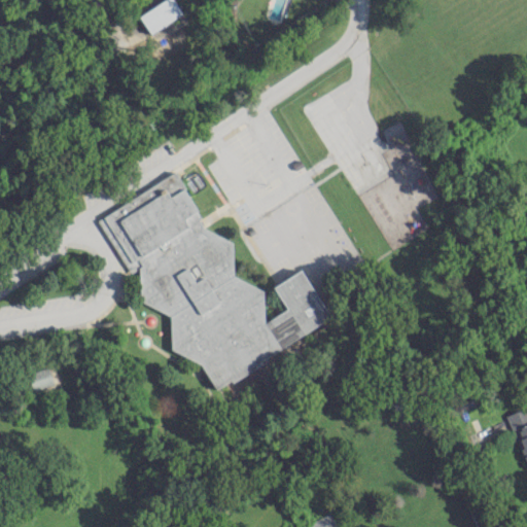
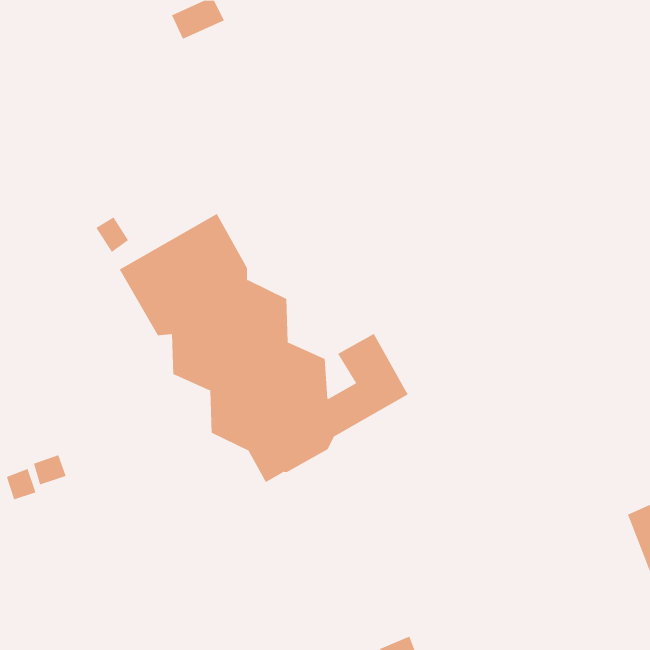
building: none -> [95,216,129,253]
building: none -> [6,468,36,500]

